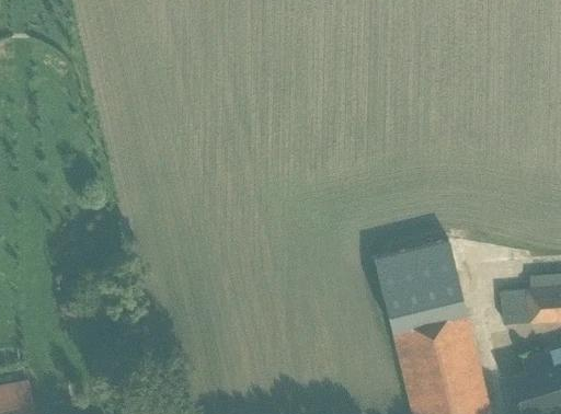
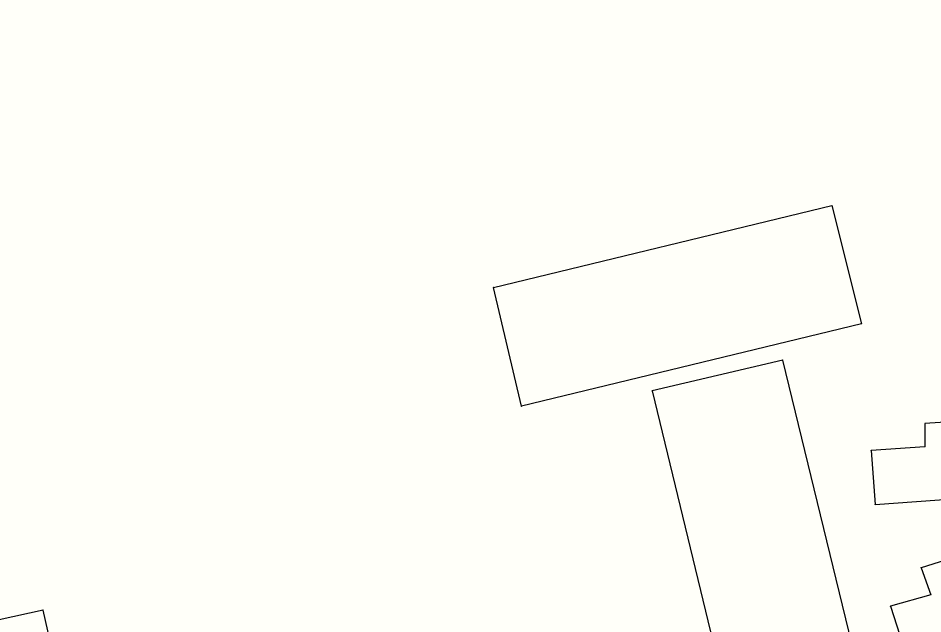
building: none -> [494,206,862,406]

